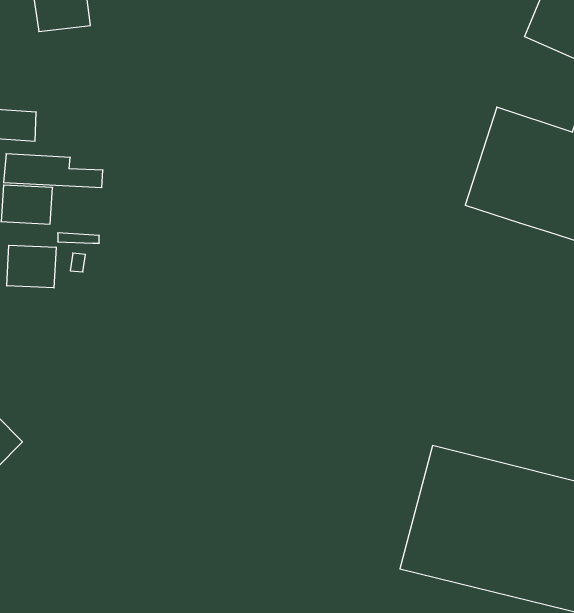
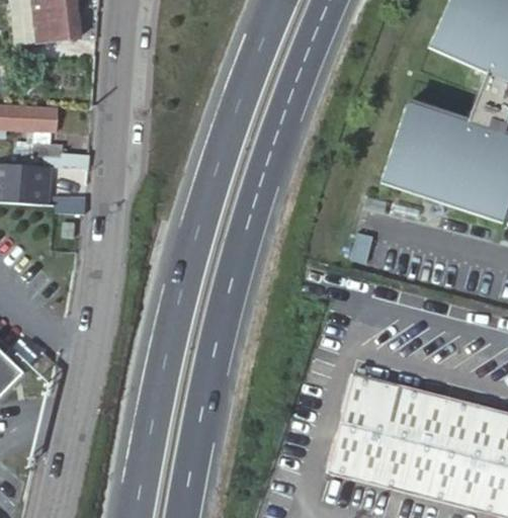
building: [7,245,56,288] -> none

